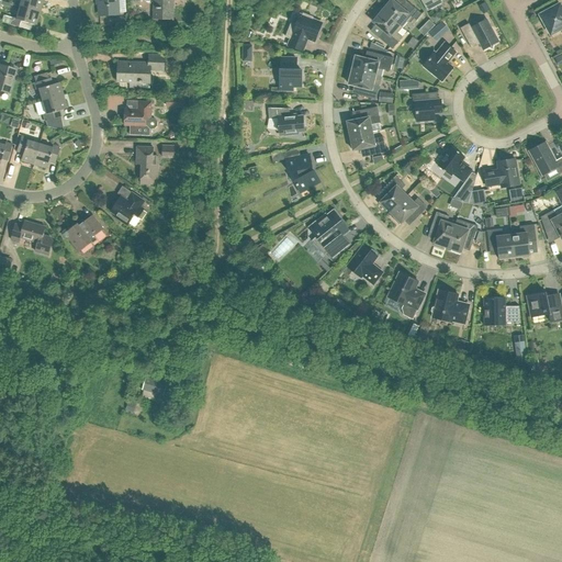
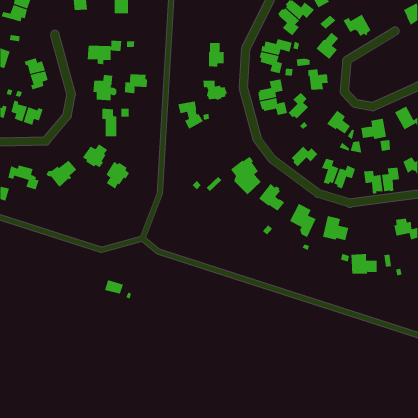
building: [284,13,321,50] -> none
building: none -> [124,73,148,94]
building: [284,154,319,192] -> [178,101,204,129]
building: [378,176,406,212] -> [288,92,309,119]
building: none -> [106,161,130,190]
building: [482,296,518,324] -> [351,254,378,274]

